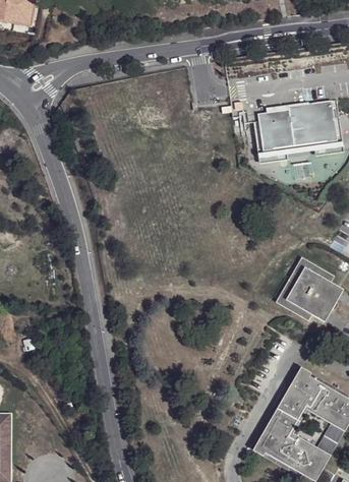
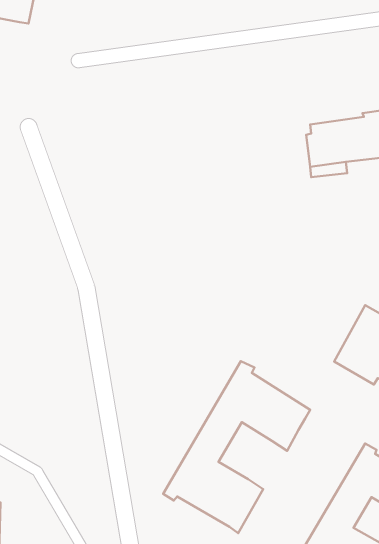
building: none -> [163,361,310,533]

